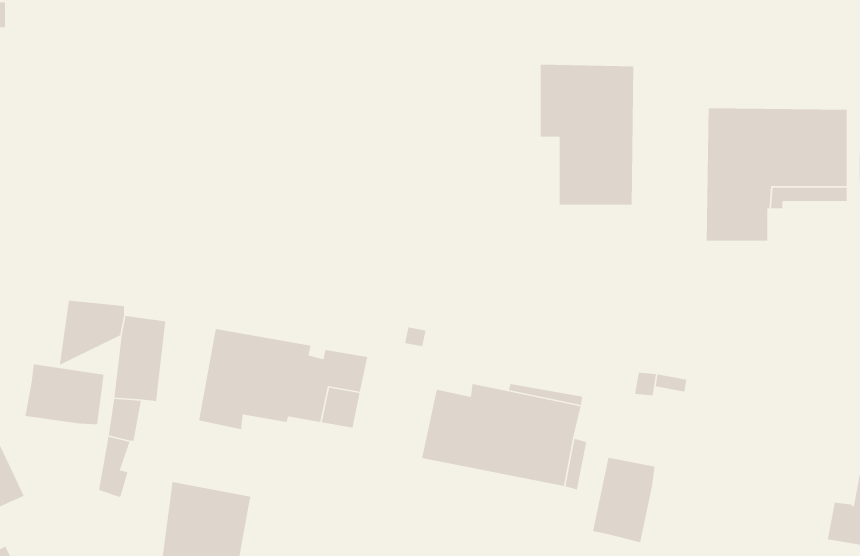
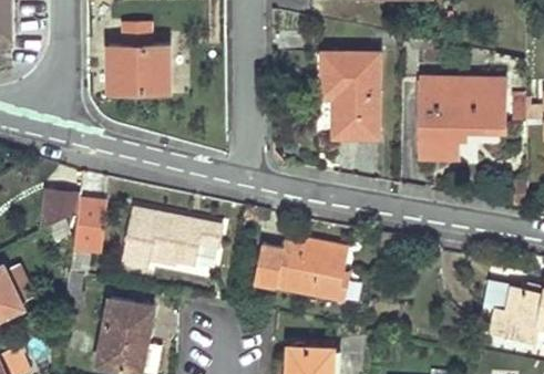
building: none -> [107,24,168,91]
building: [24,364,105,425] -> none
building: [592,457,655,543] -> none

